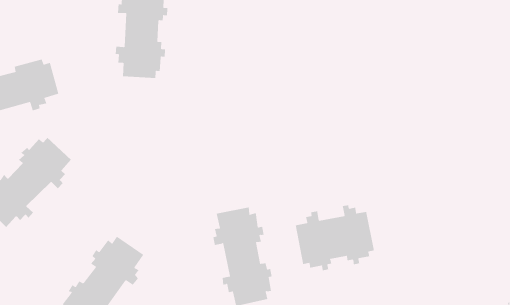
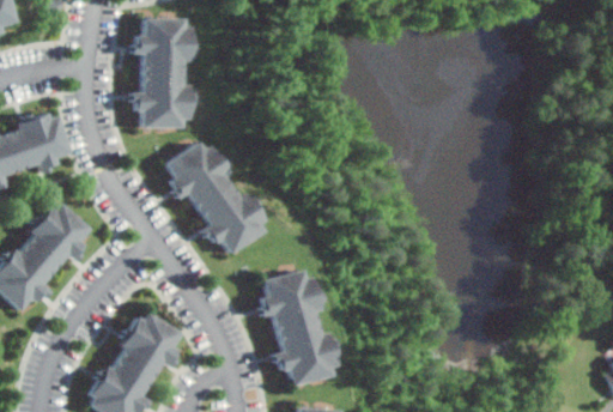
building: none -> [168,143,262,254]
building: [295,204,374,271] -> none

